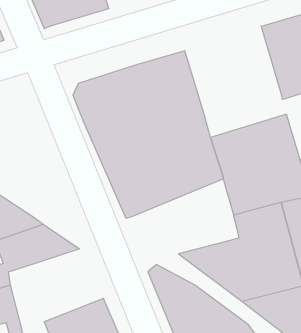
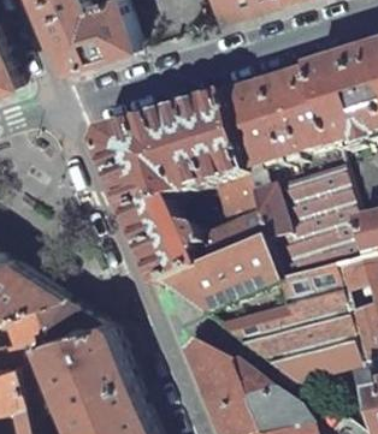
building: none -> [223,69,332,172]
building: none -> [161,242,278,315]
building: none -> [36,321,130,404]

